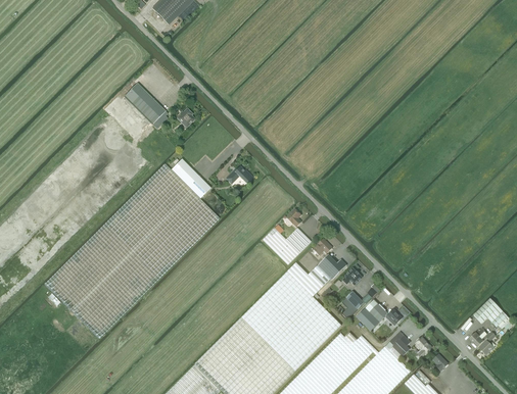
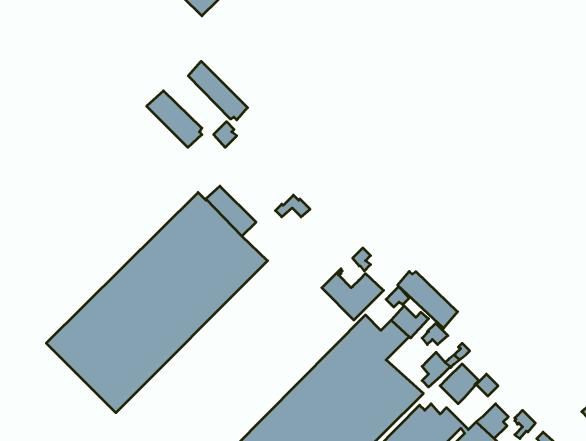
building: none -> [188,61,248,120]
building: none -> [398,271,458,328]

